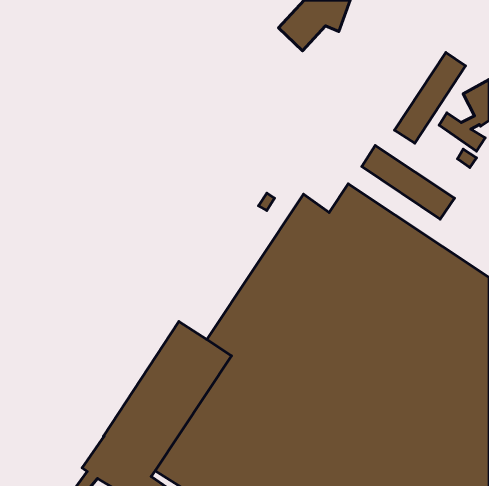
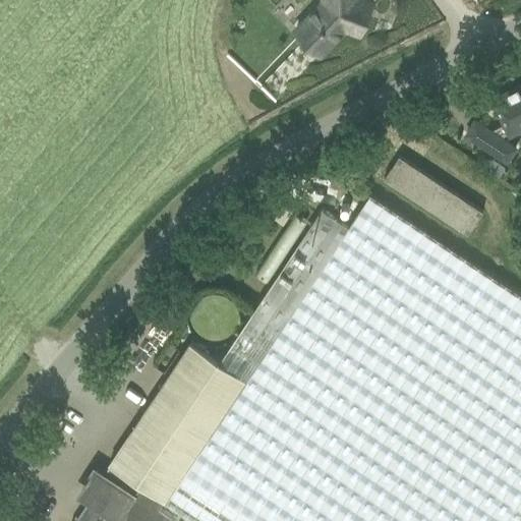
building: [394,52,466,143] -> none

